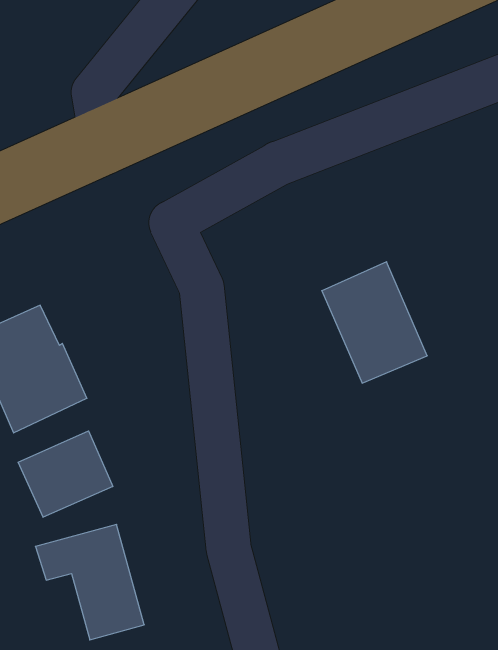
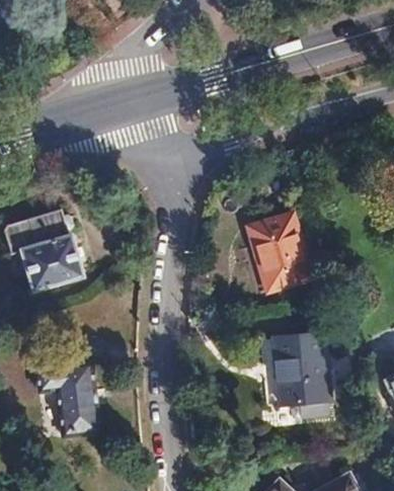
building: [18,431,113,517] -> none
building: none -> [272,335,329,404]

